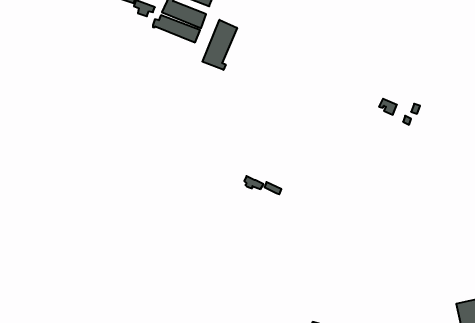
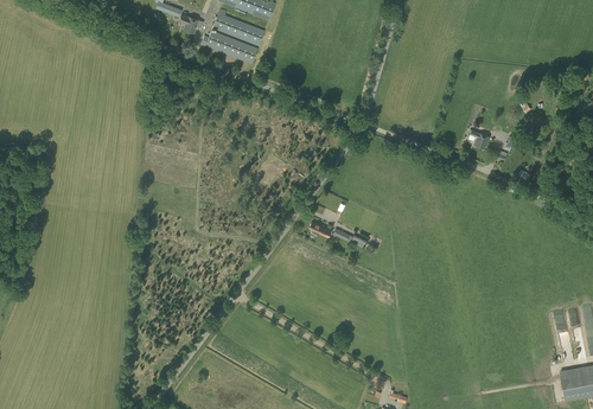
building: [202,20,237,70] -> none

